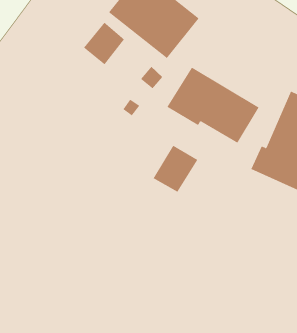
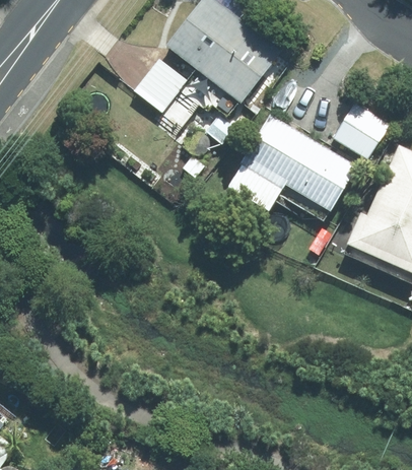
building: none -> [333,108,386,160]
building: [153,145,198,193] -> none

